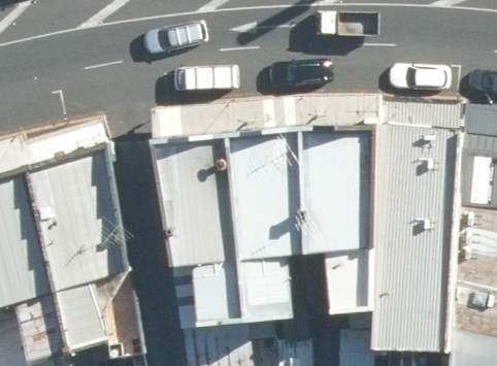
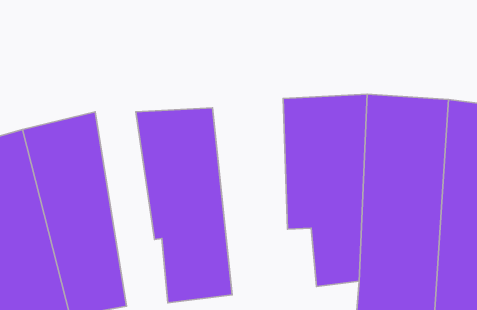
building: [226,133,300,328] -> none

